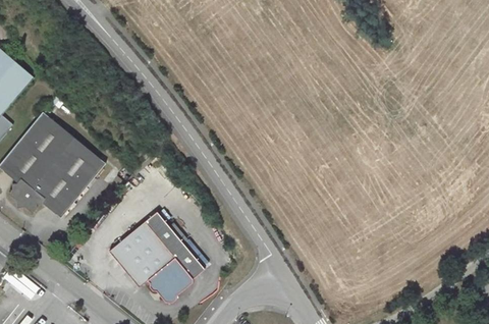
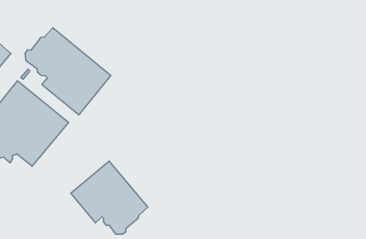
building: none -> [25,28,111,115]

